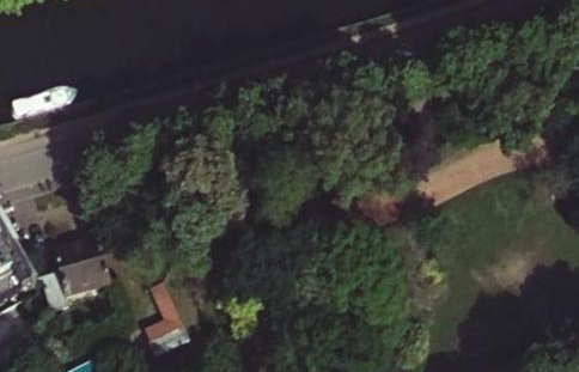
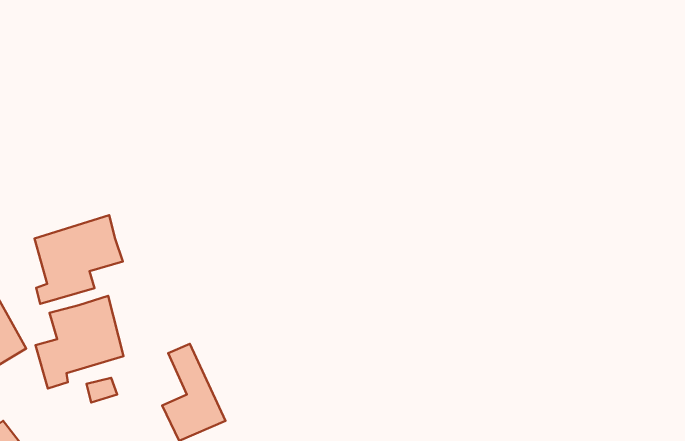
building: none -> [35,215,123,304]

